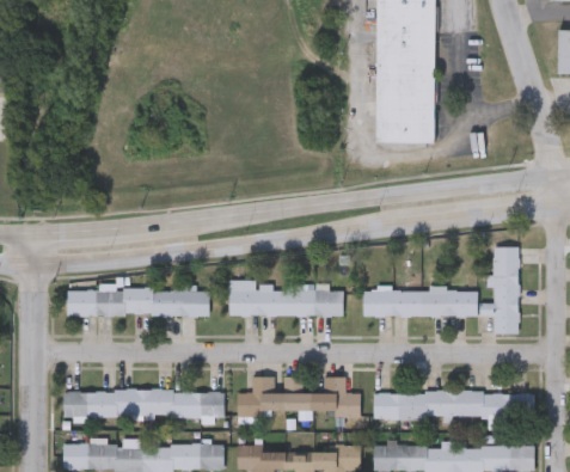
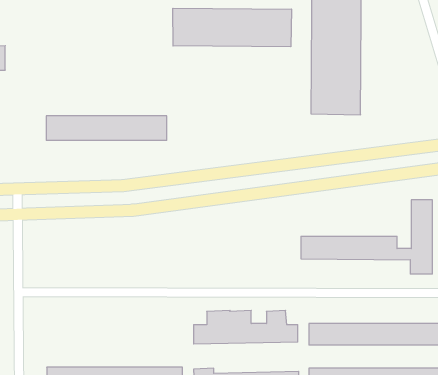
building: none -> [173,8,291,47]
building: [228,280,343,317] -> none
building: [67,288,209,317] -> [46,116,167,140]
building: [63,390,223,417] -> none

